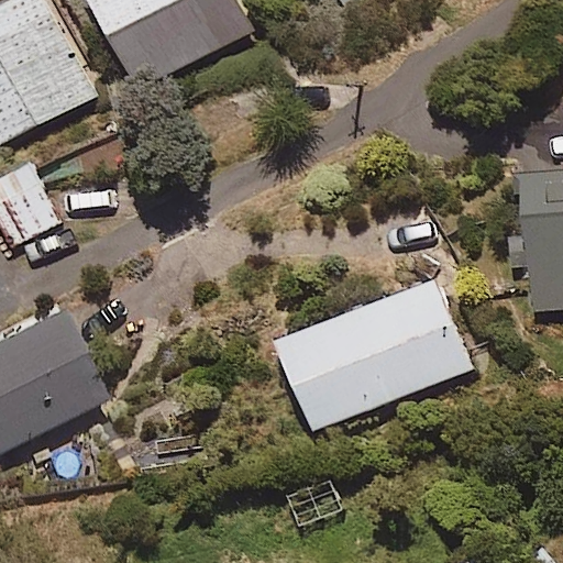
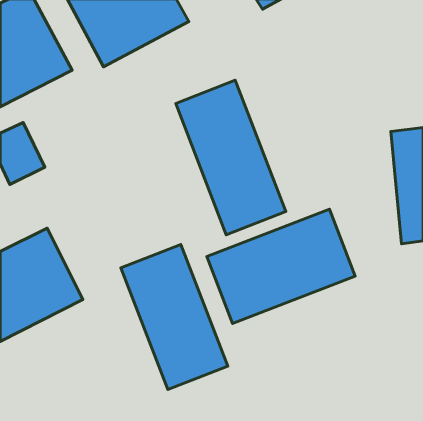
building: none -> [176,80,286,235]
building: none -> [121,245,228,389]

